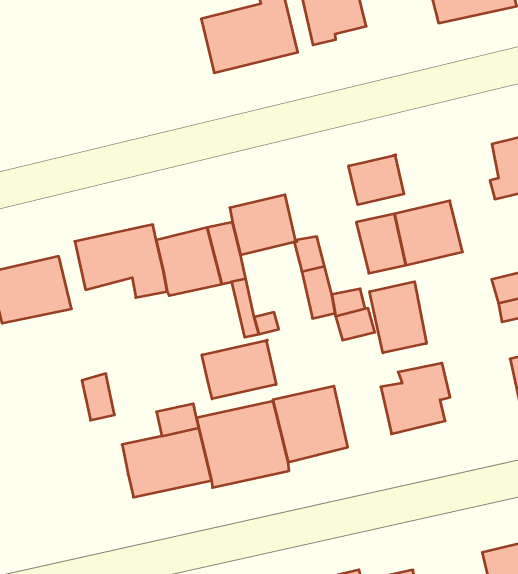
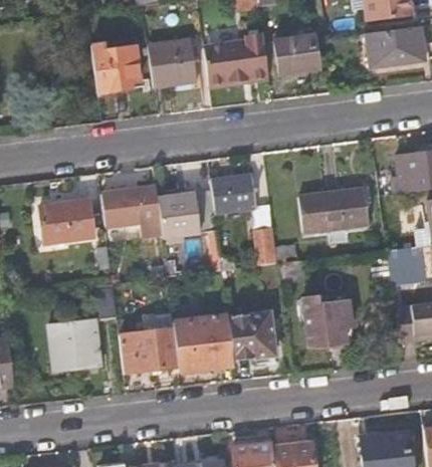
building: none -> [151,42,198,86]
building: none -> [93,42,142,92]
building: [349,155,404,205] -> none
building: [370,282,426,353] -> none
building: [202,340,276,399] -> none
building: none -> [46,316,98,370]

